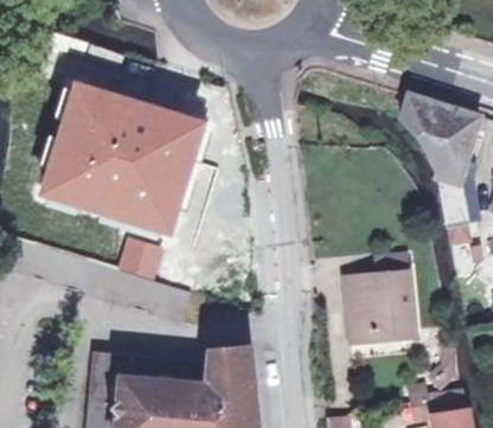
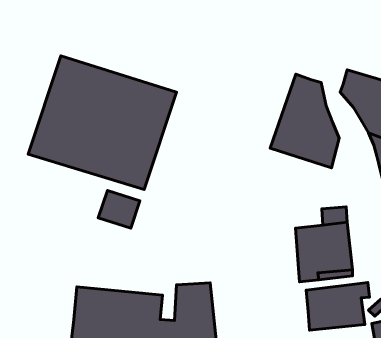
building: none -> [270,74,339,168]
building: none -> [306,282,370,330]

